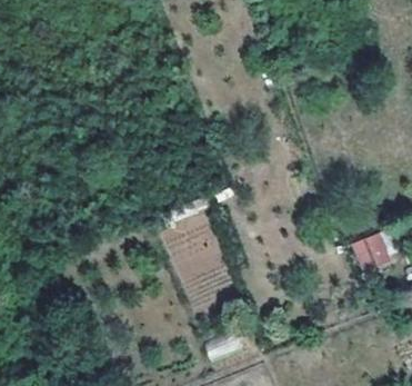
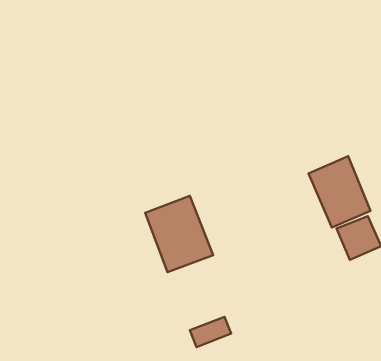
building: none -> [309,156,371,228]

